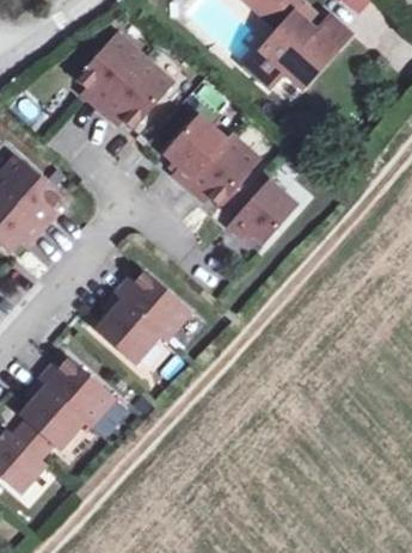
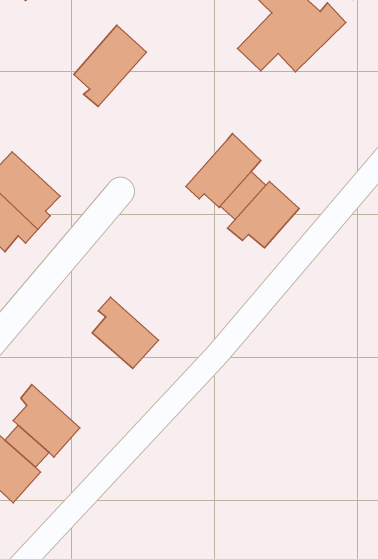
building: [102,57,177,130] -> none
building: [164,117,227,188] -> none
building: [113,271,191,342] -> none
building: [37,356,115,426] -> none

